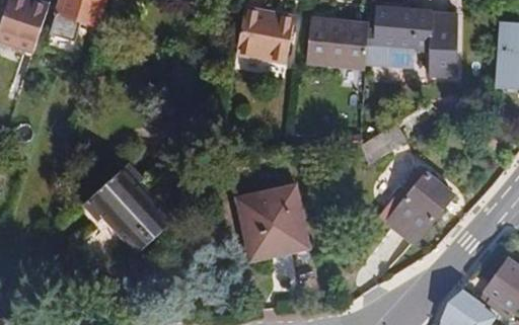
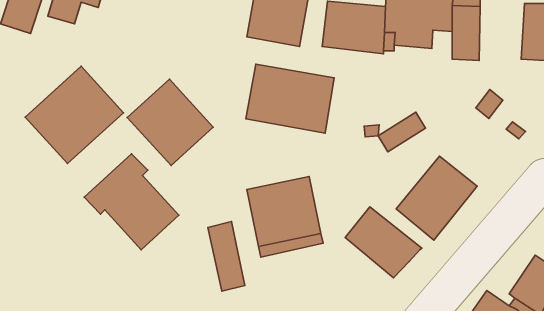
building: none -> [246,64,334,133]
building: none -> [25,66,123,164]
building: none -> [127,79,213,166]
building: none -> [345,207,422,278]
building: none -> [208,221,245,291]

